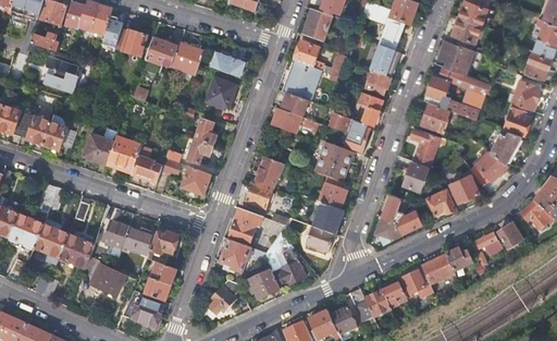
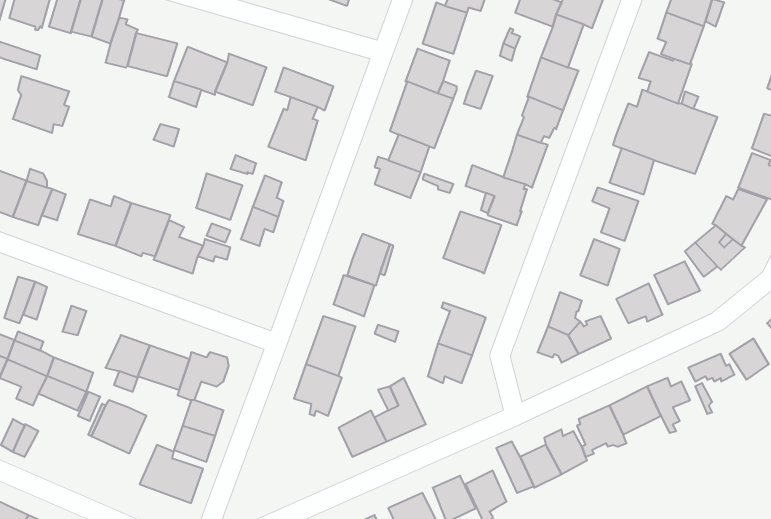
building: [182,166,211,195] -> [196,173,242,220]
building: [319,175,347,208] -> none
building: [205,279,239,315] -> none

